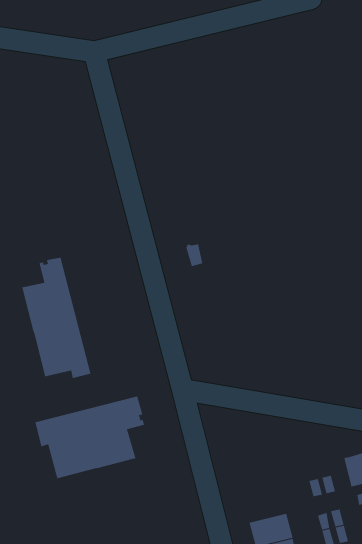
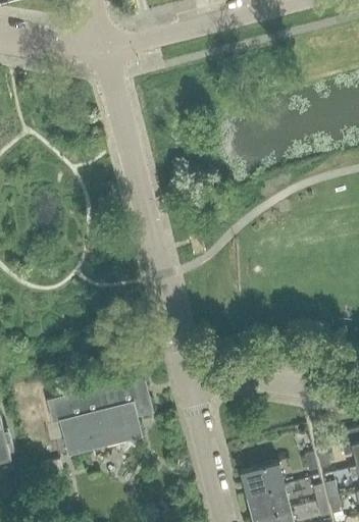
building: [20,257,91,379] -> none
building: none -> [239,464,283,498]

